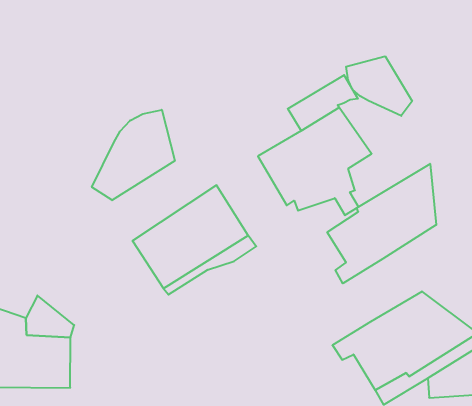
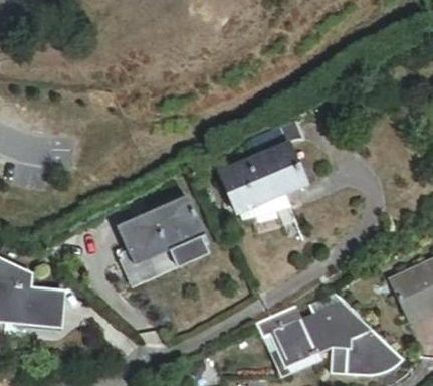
building: [346,56,412,116] -> none
building: [92,110,175,200] -> none
building: [327,164,436,283] -> none

